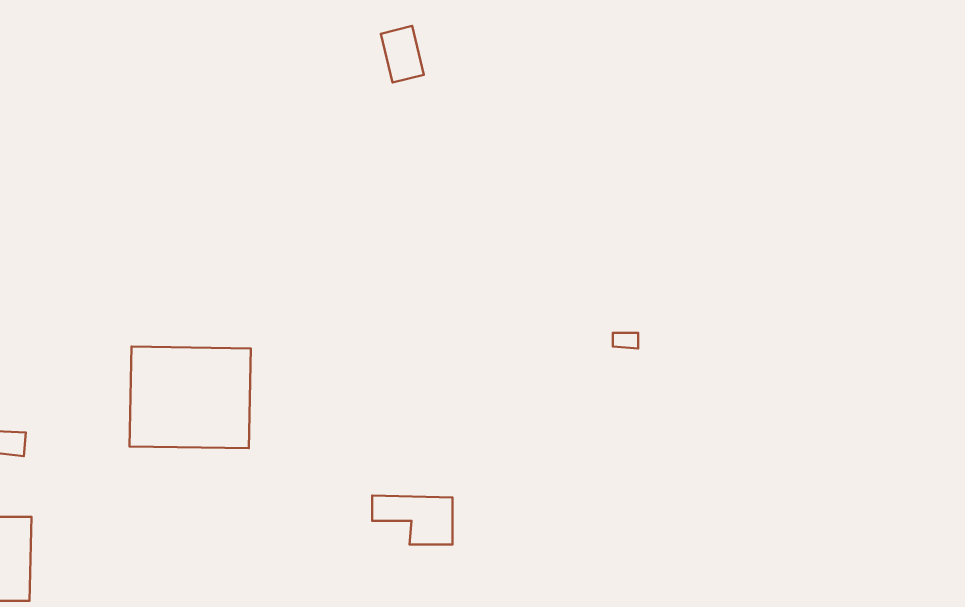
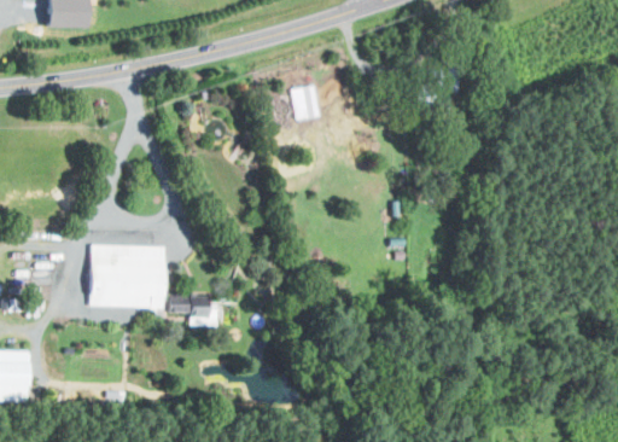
building: [381,26,424,83] -> [292,85,319,120]
building: [372,495,452,544] -> [170,296,220,326]

